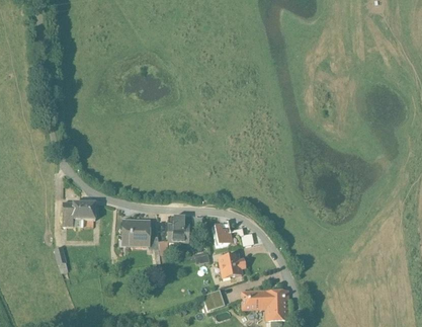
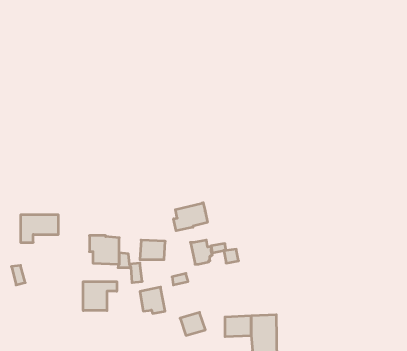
building: none -> [174,203,207,231]
building: [219,253,241,276] -> [140,287,165,313]
building: none -> [83,282,117,311]

